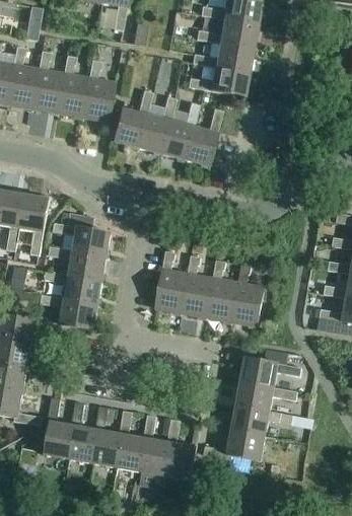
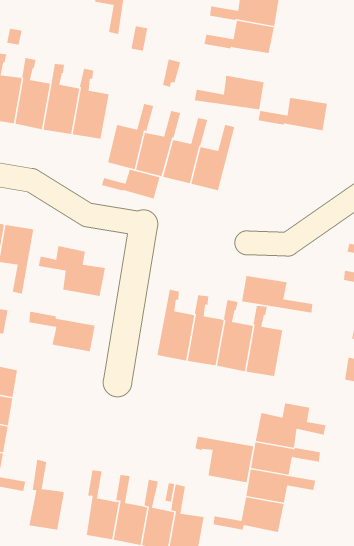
building: [191,43,252,72] -> [257,97,328,131]
building: none -> [101,168,160,199]
building: none -> [241,275,313,313]
building: [48,246,105,282] -> none
building: [40,294,97,330] -> none
building: none -> [194,436,254,483]
building: [69,401,98,463] -> none

